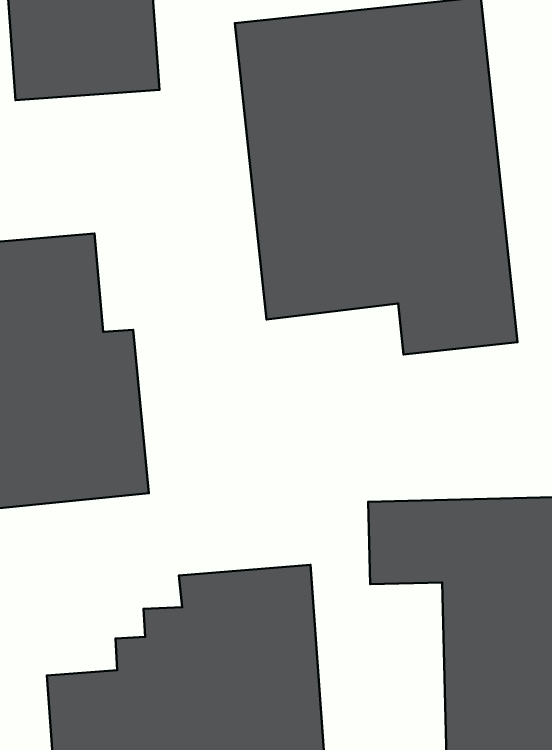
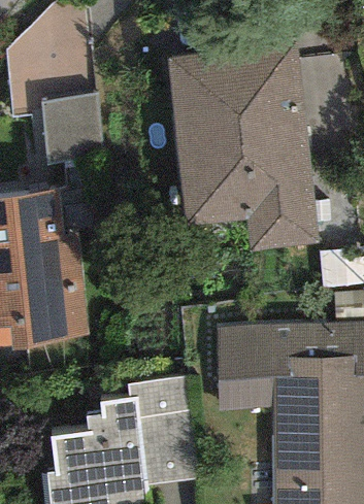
building: none -> [34,103,105,169]

